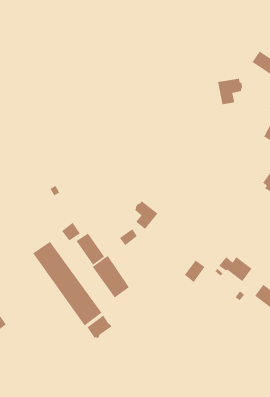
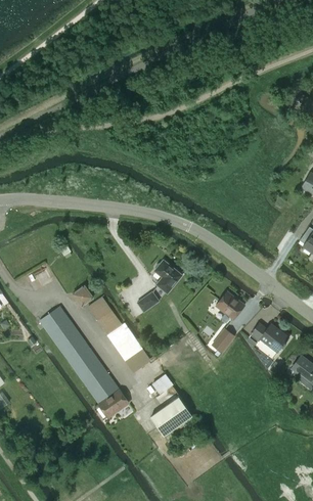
building: [217,78,243,105] -> none
building: none -> [216,291,243,319]
building: none -> [150,397,192,436]

